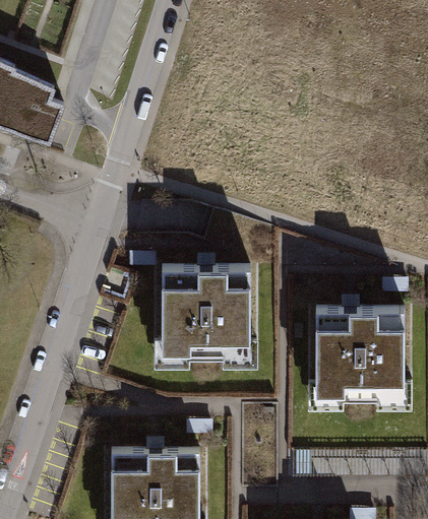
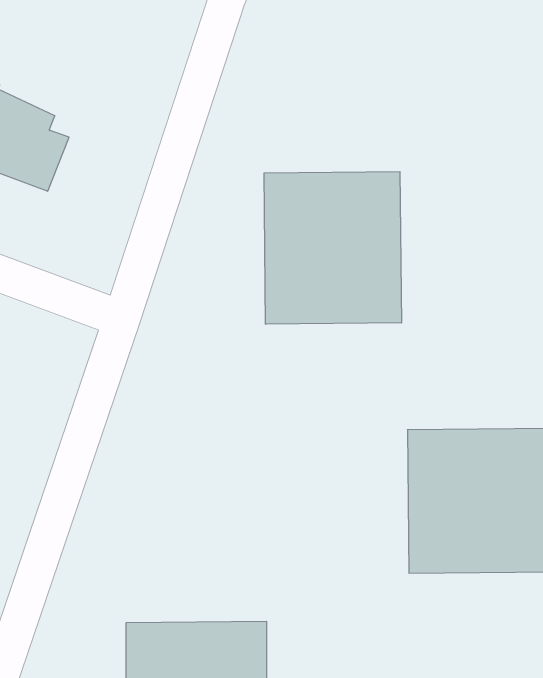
building: none -> [264,172,401,324]
building: [152,266,254,370] -> none

